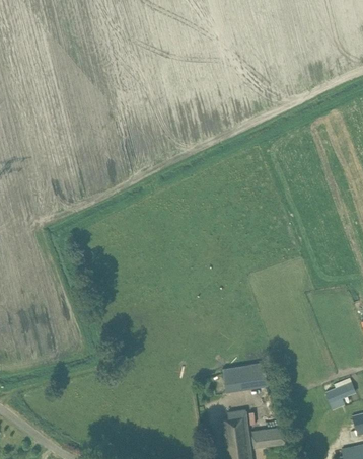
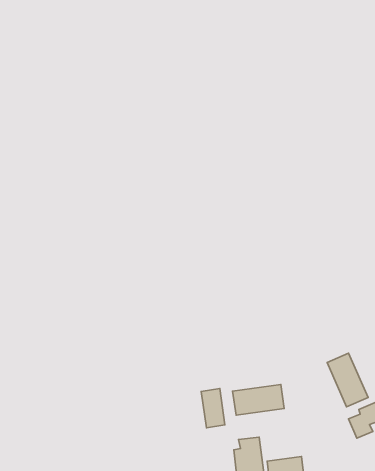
building: none -> [327,353,368,407]
building: none -> [201,389,225,428]

